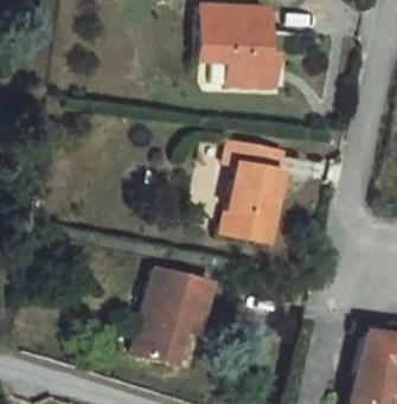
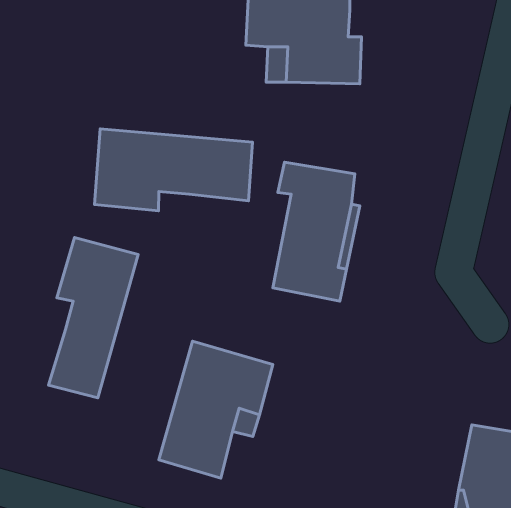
building: none -> [94,129,253,211]
building: none -> [49,238,138,398]

